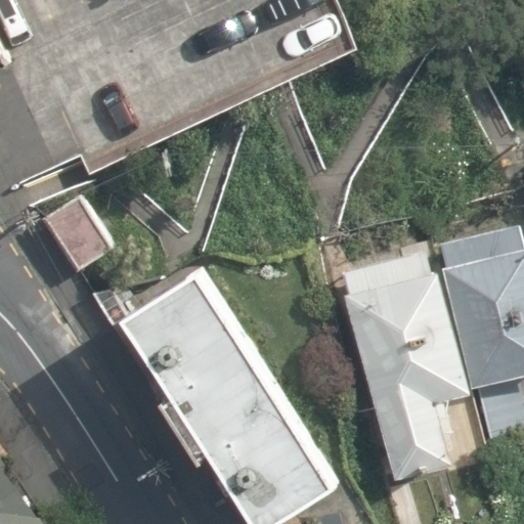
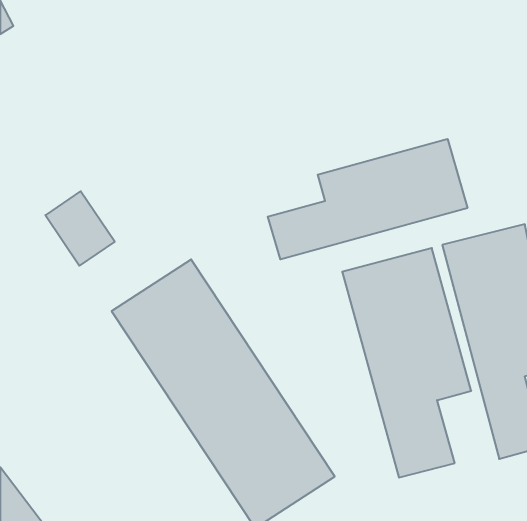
building: none -> [268,139,467,259]

